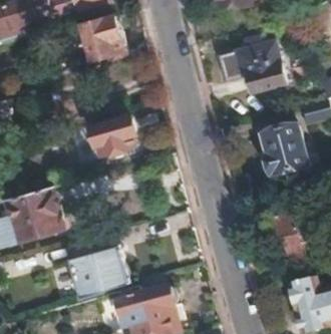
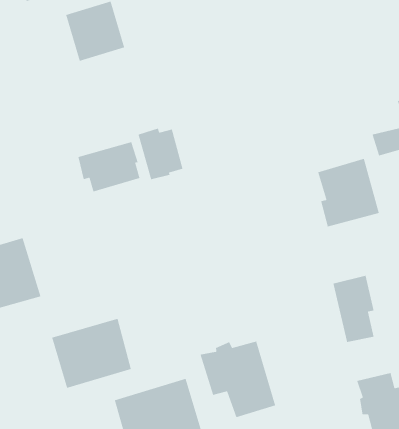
building: [228,34,283,88] -> none
building: none -> [138,127,183,180]
building: none -> [200,340,276,418]

